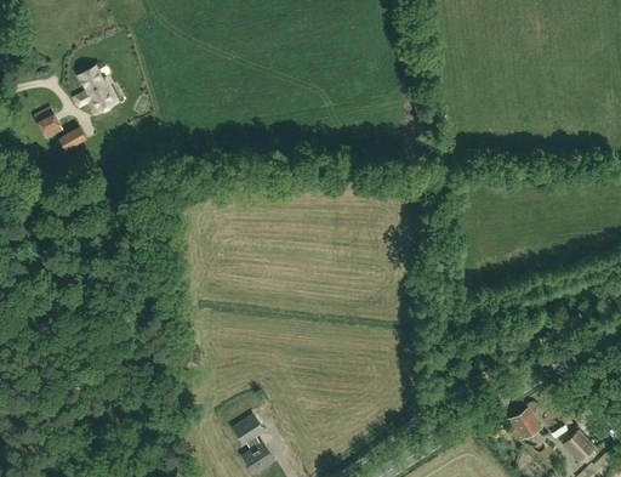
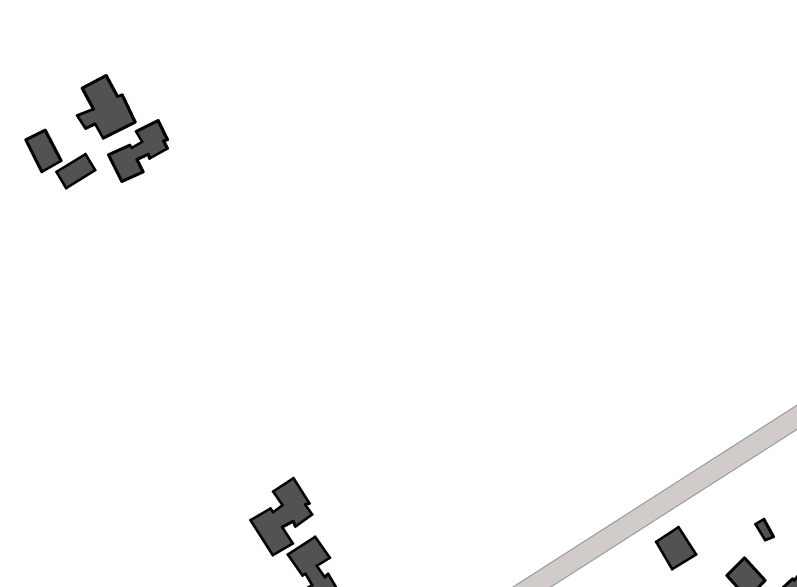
building: none -> [109,120,168,182]
building: none -> [250,478,312,555]

